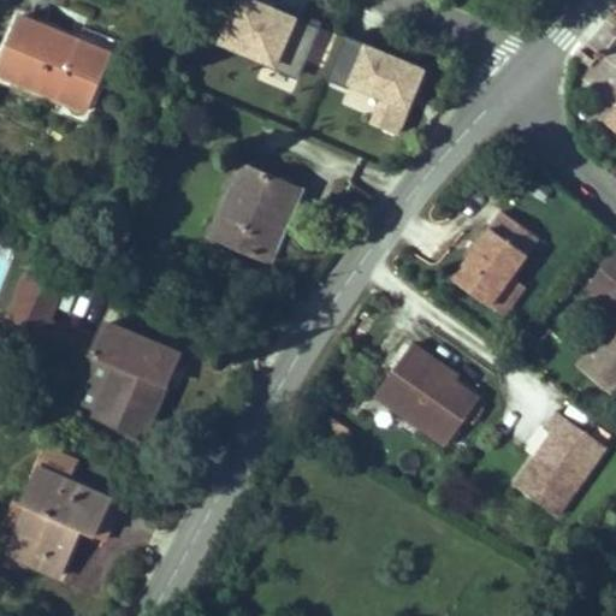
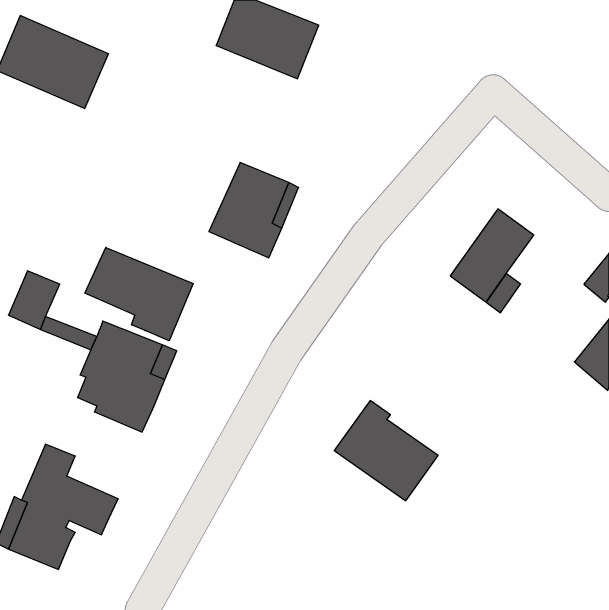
building: [324,35,427,134] -> none
building: none -> [85,247,193,341]
building: [374,343,479,444] -> [334,401,438,501]
building: [514,410,608,515] -> none

